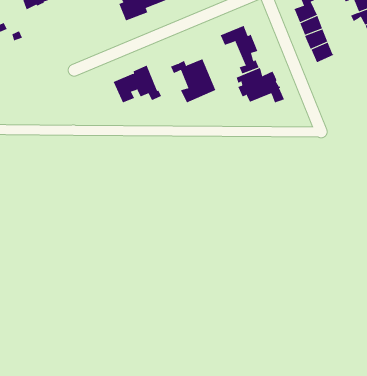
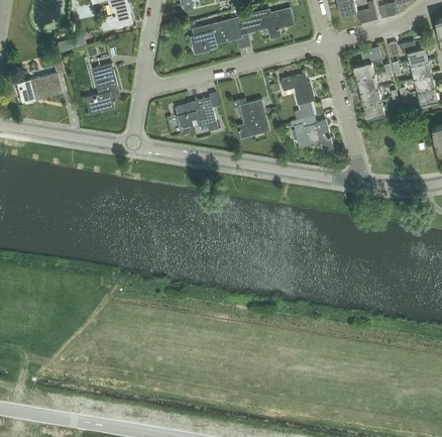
building: none -> [85,64,118,113]

